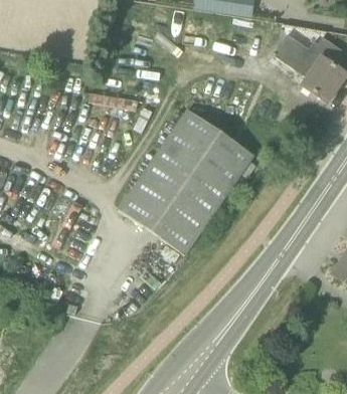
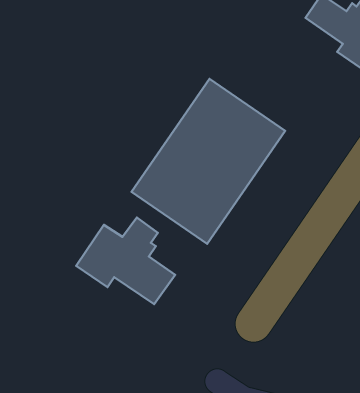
building: none -> [76,218,175,304]

